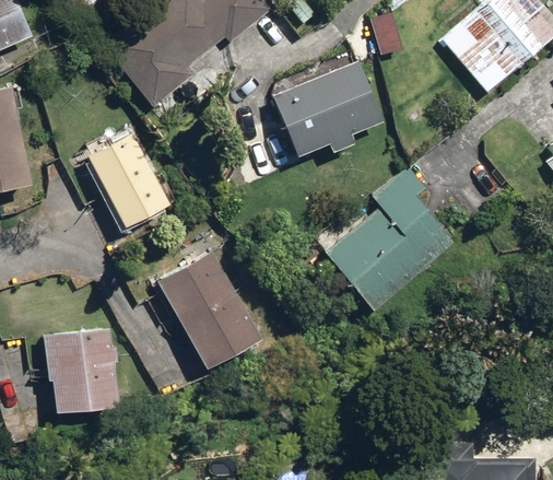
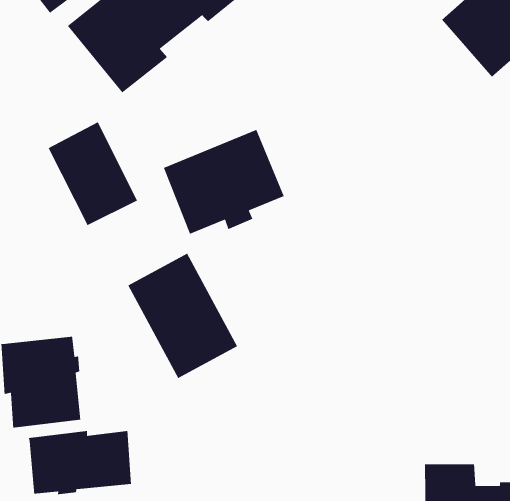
building: [273,60,384,156] -> [163,129,285,235]
building: [325,167,454,308] -> none
building: none -> [28,430,132,495]

